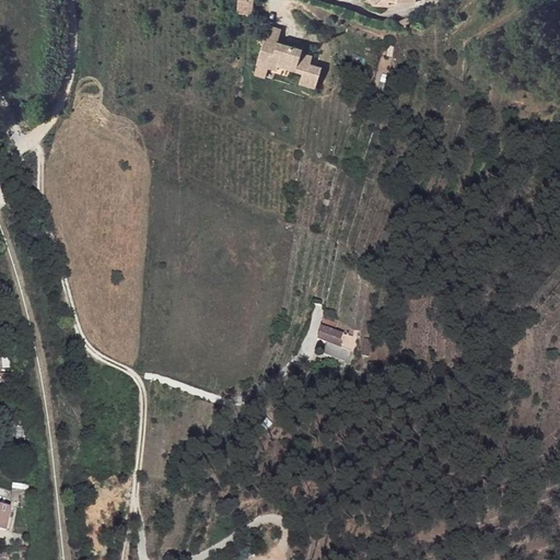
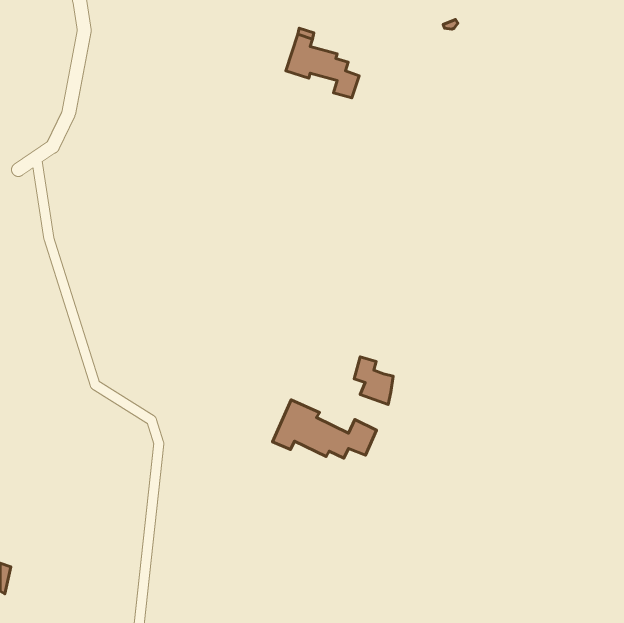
building: none -> [273,400,377,458]

